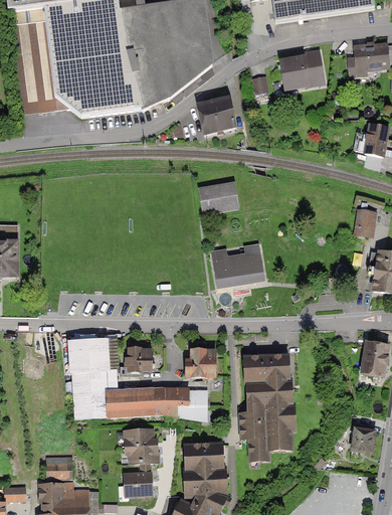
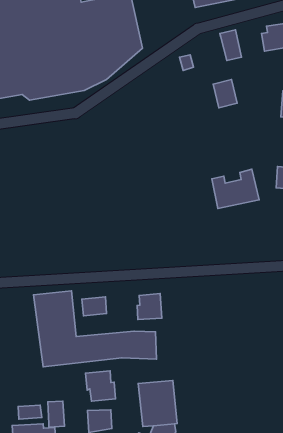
building: [280,57,307,89] -> [213,79,237,108]
building: [196,98,235,134] -> none
building: [201,184,238,213] -> none
building: [212,243,264,286] -> [212,169,259,209]
building: [239,349,295,460] -> none
building: none -> [48,401,64,427]

